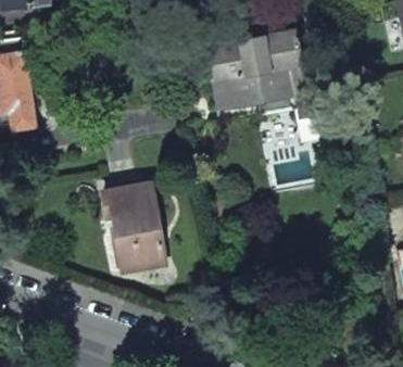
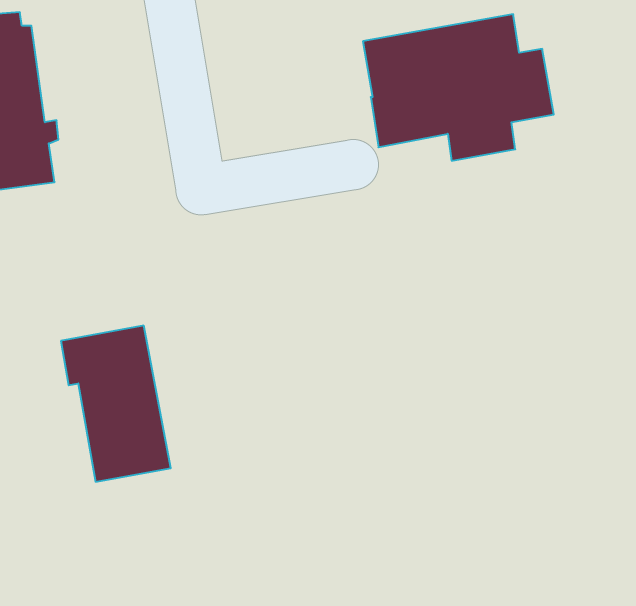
building: [103,184,165,271] -> [61,326,171,482]

